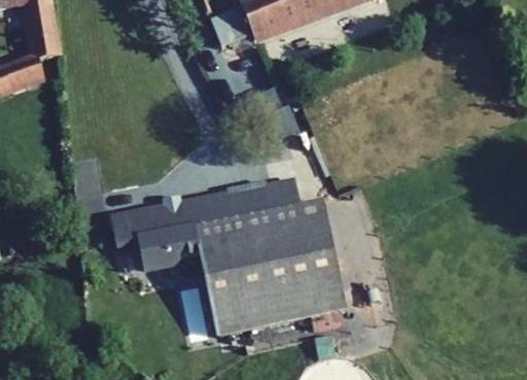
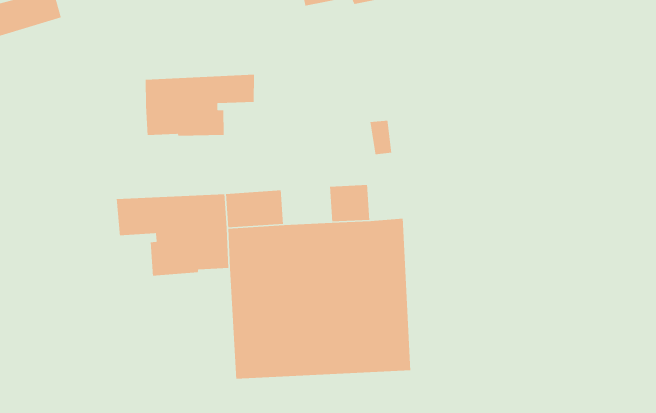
building: none -> [145,74,255,137]
building: [230,180,269,212] -> none

